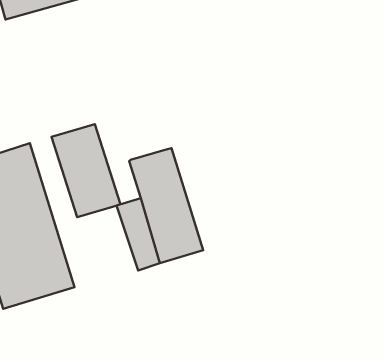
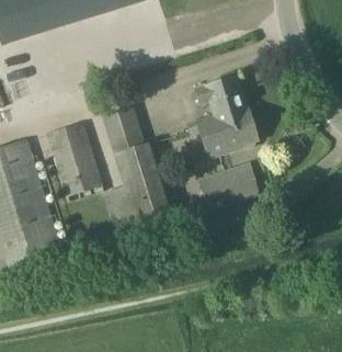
building: none -> [194,75,258,157]
building: none -> [101,106,144,152]
building: none -> [197,161,259,212]

